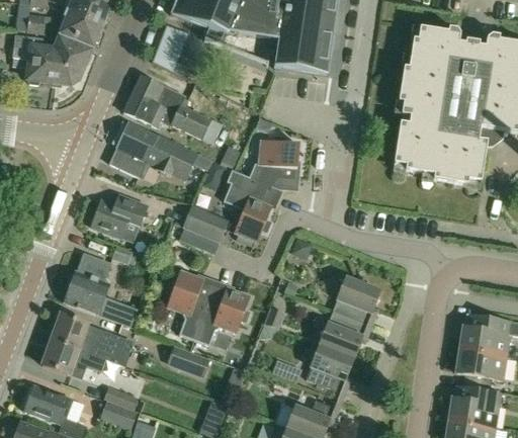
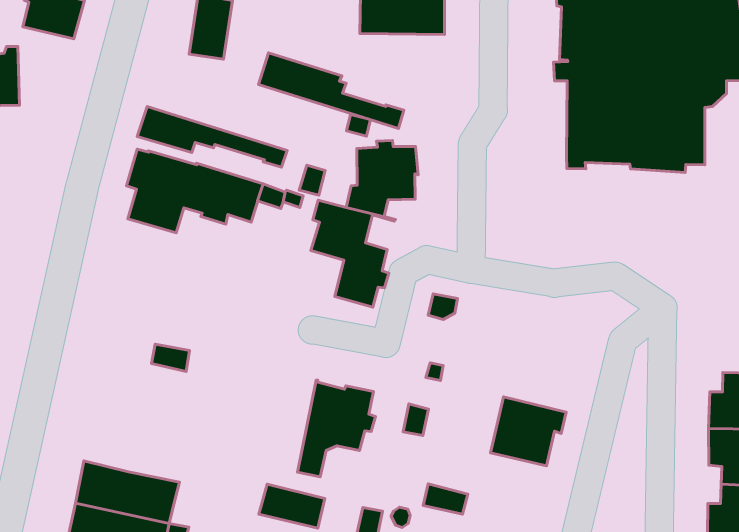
building: [51,38,88,84] -> none
building: [132,75,222,135] -> [259,53,404,128]
building: [91,195,147,239] -> none
building: [183,205,228,242] -> none
building: [64,254,133,325] -> none
building: [167,270,214,340] -> none
building: [332,275,379,326] -> none
building: [306,345,353,393] -> none

